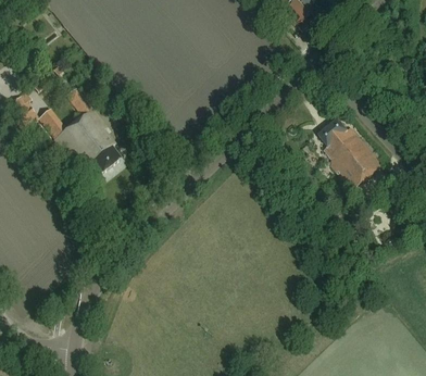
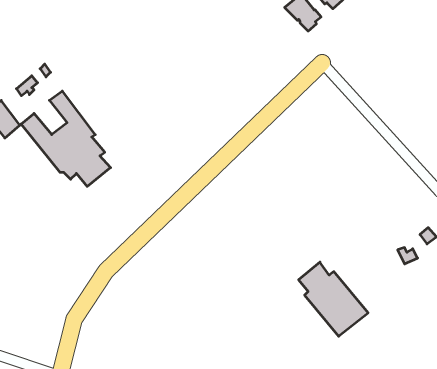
building: [318,120,383,188] -> [299,262,368,336]

